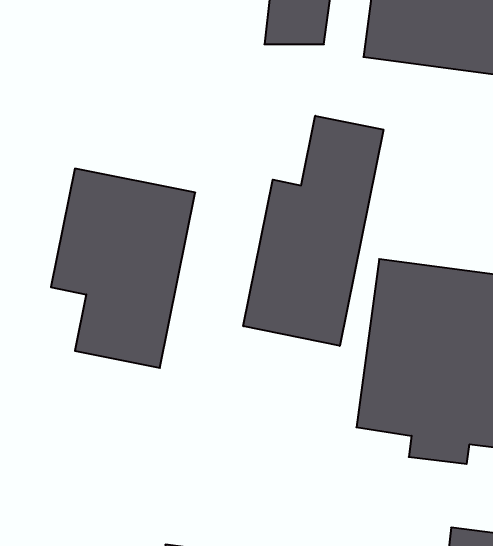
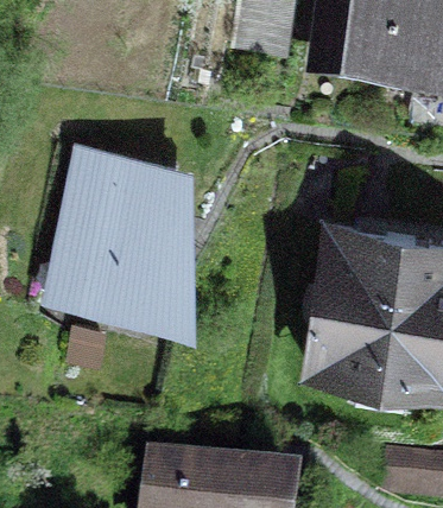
building: [243,116,383,346] -> none

